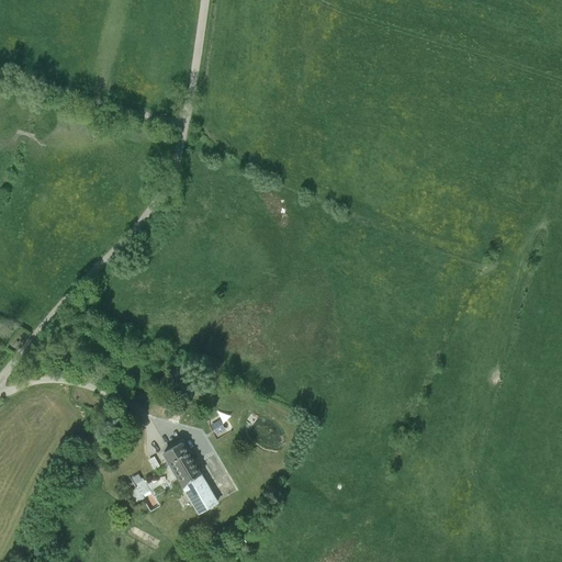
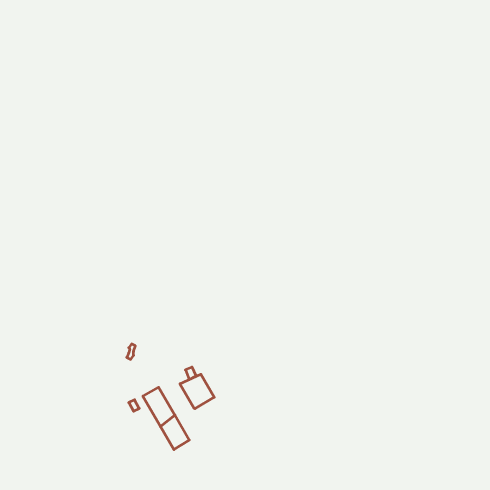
building: none -> [180,374,214,409]

